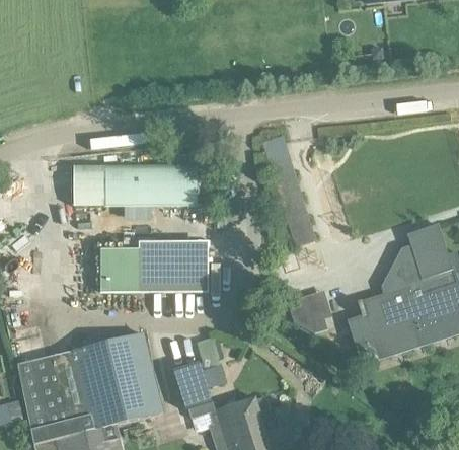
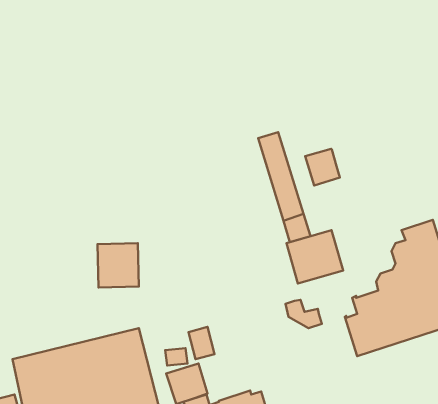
building: none -> [305,149,340,186]
building: [74,165,197,205] -> none
building: none -> [286,230,343,284]
building: [143,247,208,292] -> none

